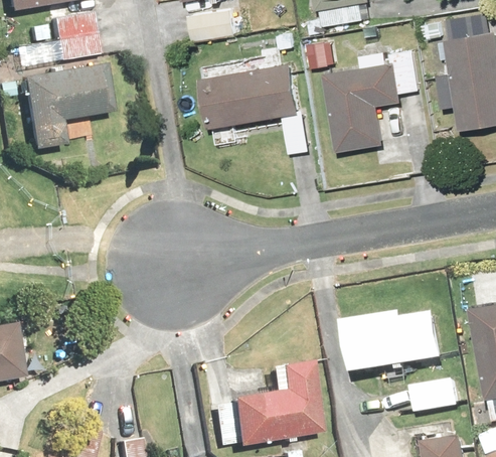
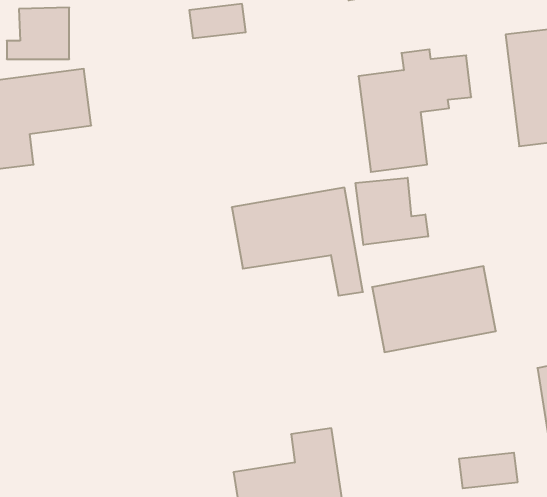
building: [198,62,306,151] -> [232,188,363,296]
building: none -> [356,178,428,245]
building: [341,306,443,376] -> [372,266,496,352]

